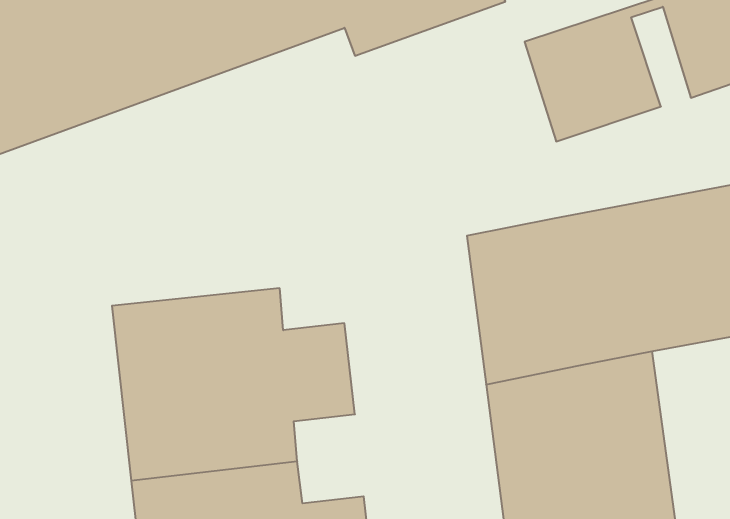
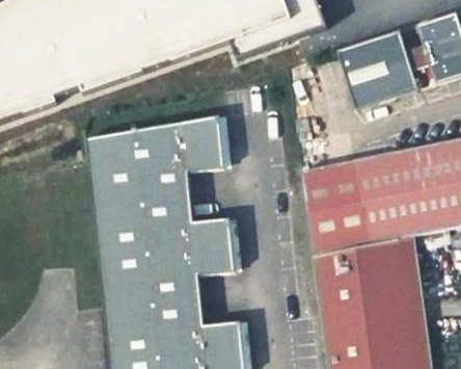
building: none -> [87,116,225,208]

